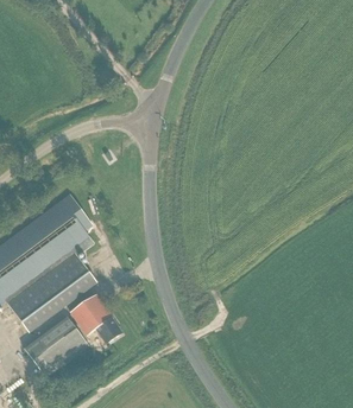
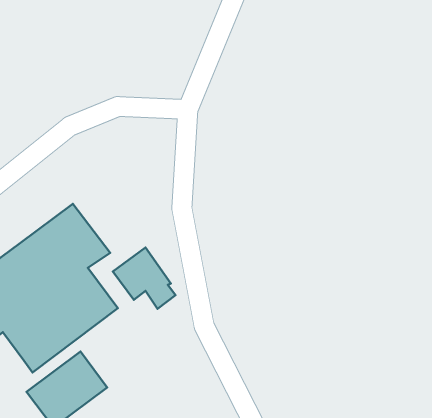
building: [70,293,120,342] -> [113,248,175,309]

